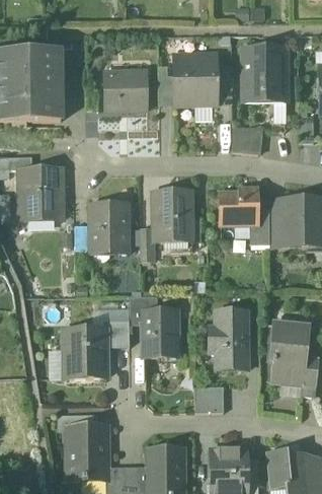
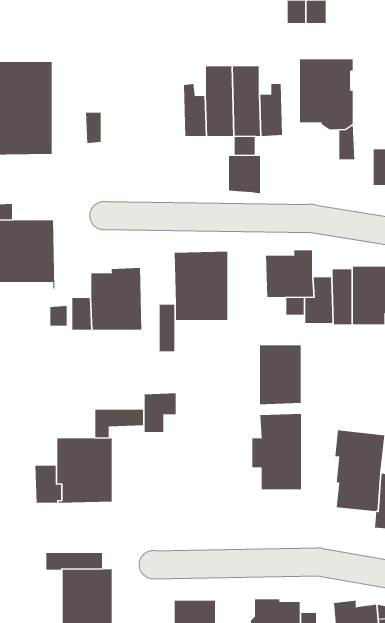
building: [105,69,148,110] -> none
building: [233,127,257,155] -> [228,156,261,194]
building: [145,312,176,357] -> [259,345,301,405]
building: [104,321,130,348] -> none
building: [195,387,224,414] -> none

